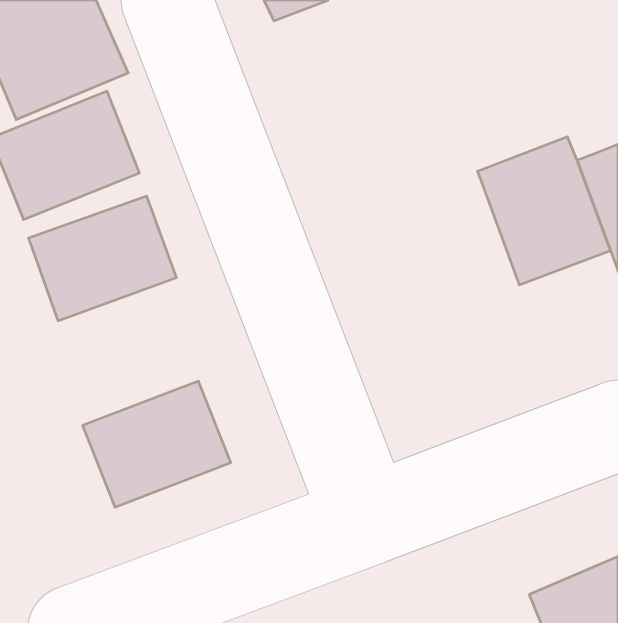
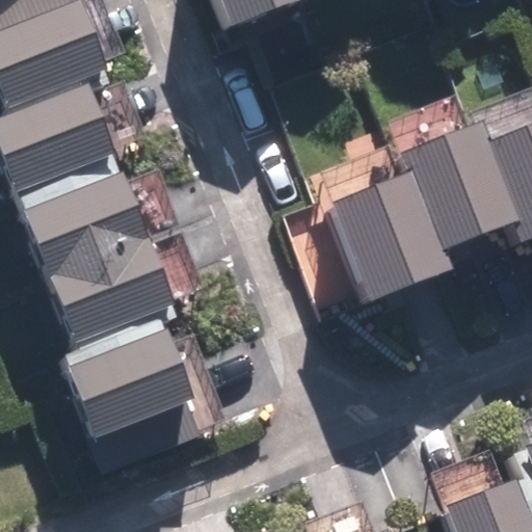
building: none -> [332,172,447,298]
building: none -> [49,240,172,341]

